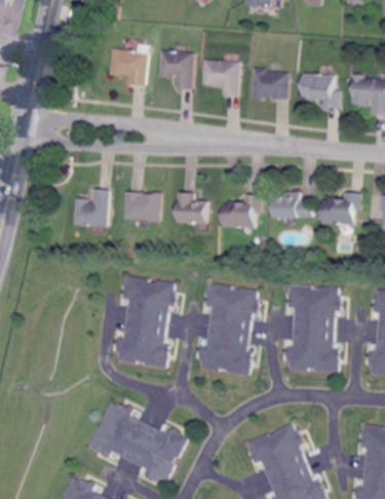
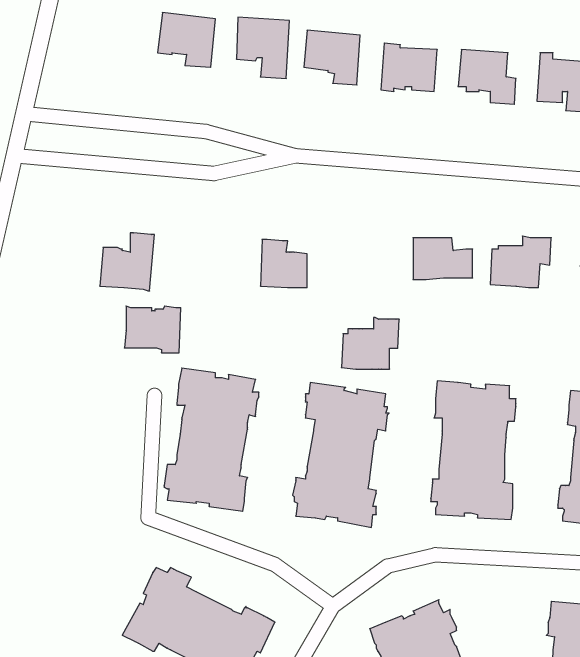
building: [124,191,160,221] -> [124,306,181,353]
building: [224,194,261,227] -> [341,318,399,369]

